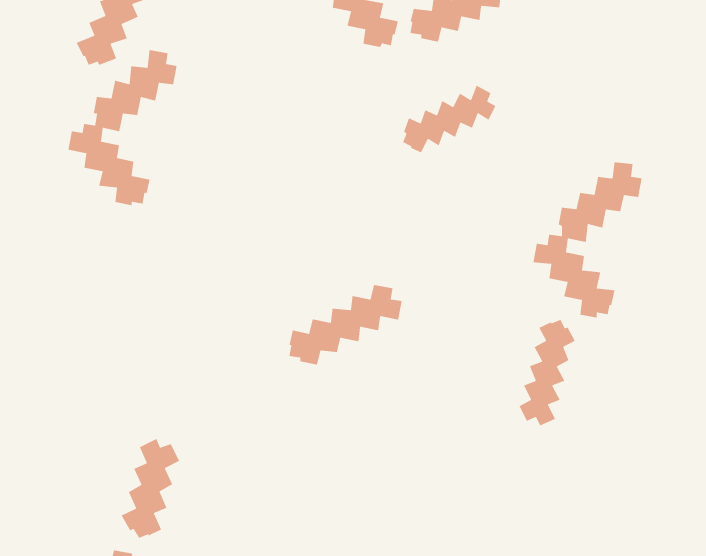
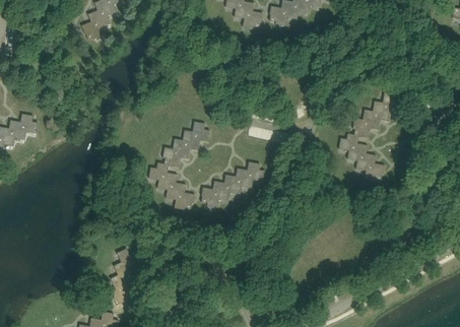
building: [67,49,178,206] -> [148,122,210,210]
building: [402,85,496,154] -> none
building: [519,319,576,427] -> none

